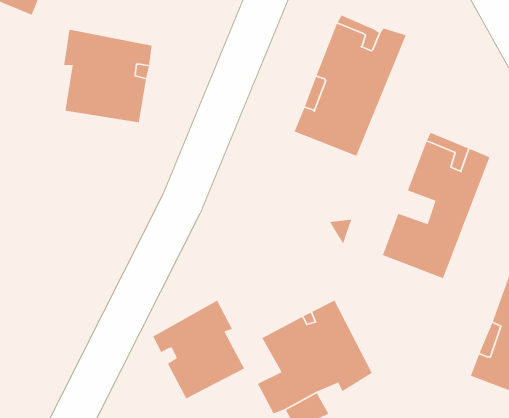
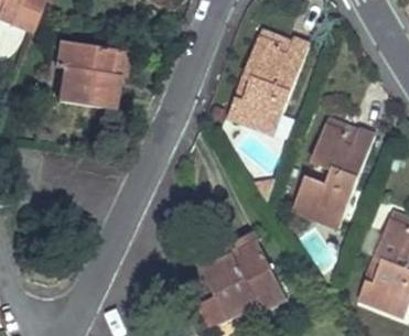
building: [152,299,245,399] -> none

